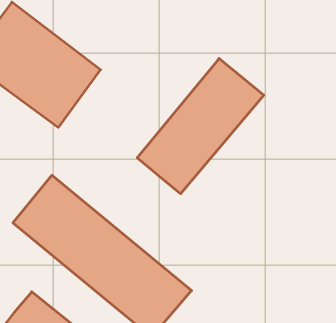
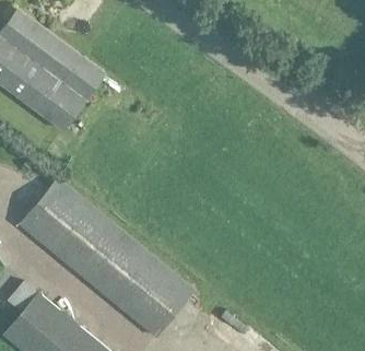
building: [137,58,264,194] -> none

